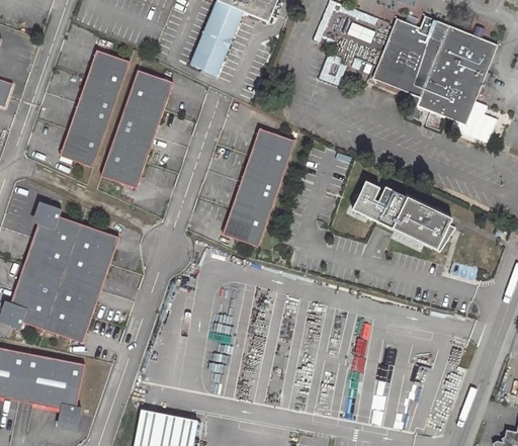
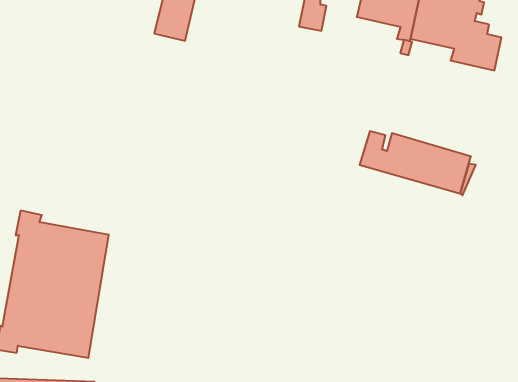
building: [61,50,131,166] -> none
building: [101,70,174,187] -> none
building: [223,128,294,246] -> none

